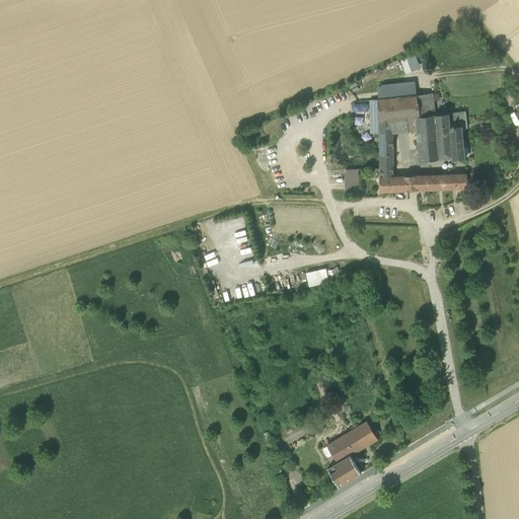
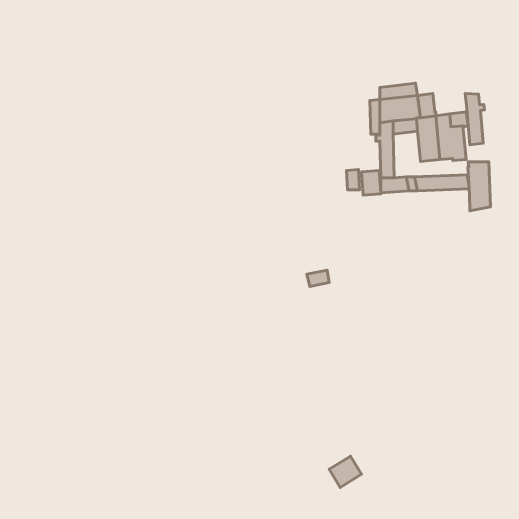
building: none -> [465,94,484,145]
building: none -> [468,162,491,211]
building: none -> [362,170,381,195]
building: [327,421,377,462] -> none

